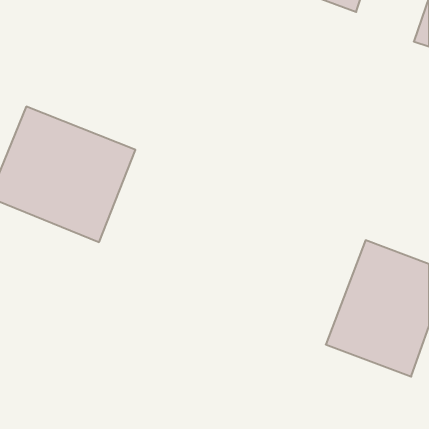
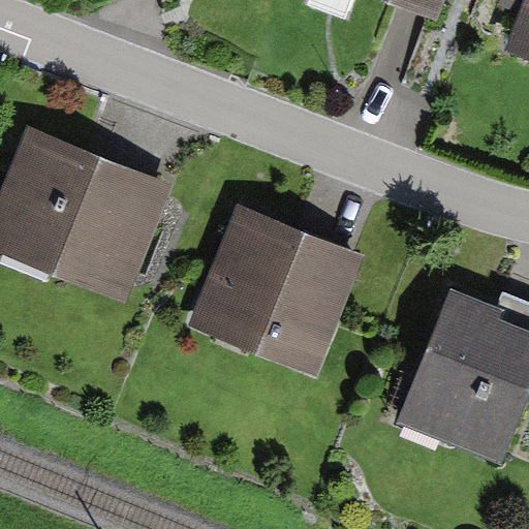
building: none -> [191,205,365,380]

